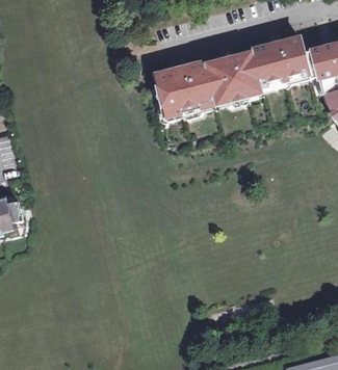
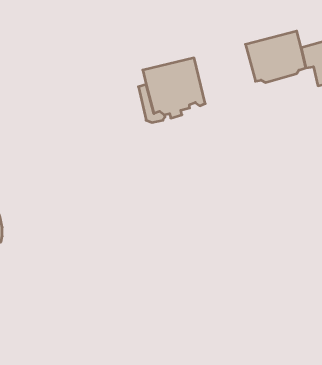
building: [204,49,263,104] -> none

